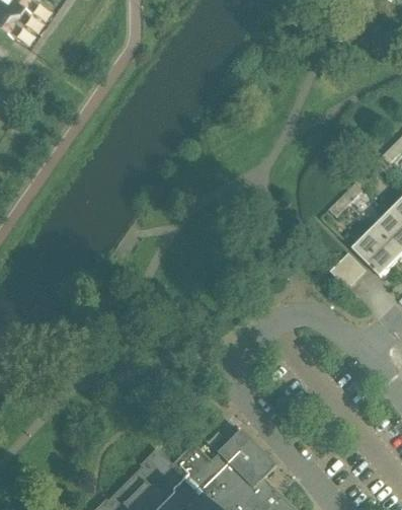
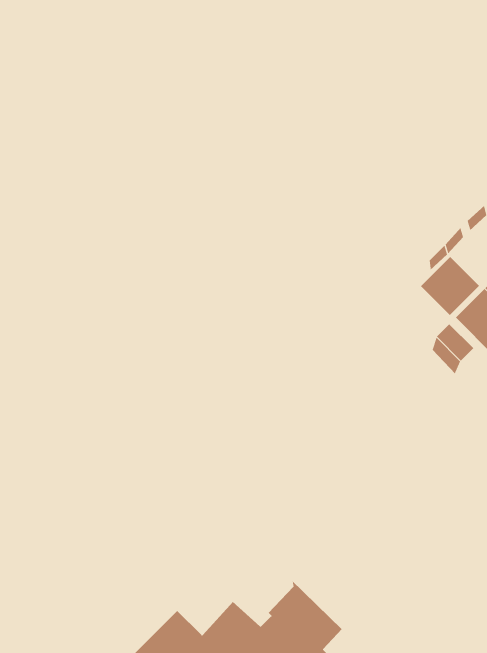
building: none -> [420,256,480,316]

